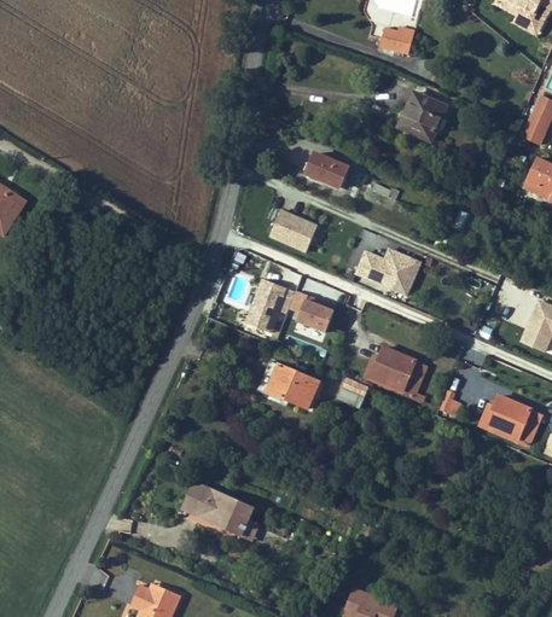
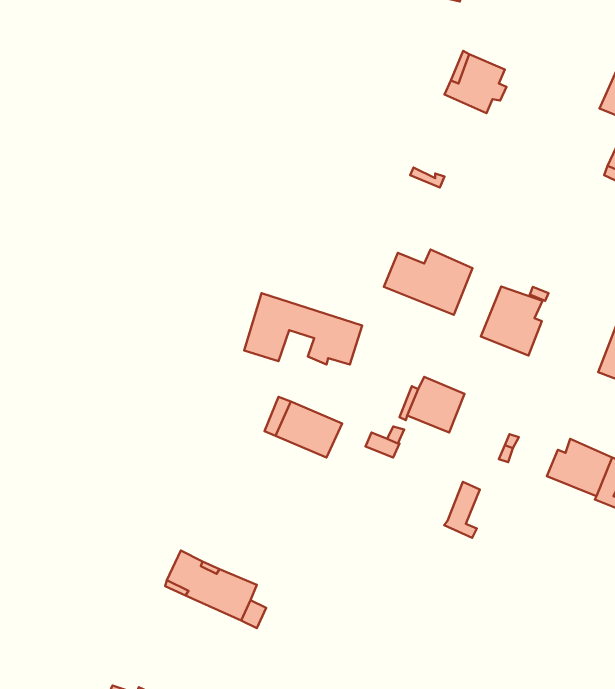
building: [307,152,349,187] -> none
building: [268,209,318,252] -> none
building: none -> [481,286,542,355]
building: [401,359,429,402] -> [444,482,480,538]

